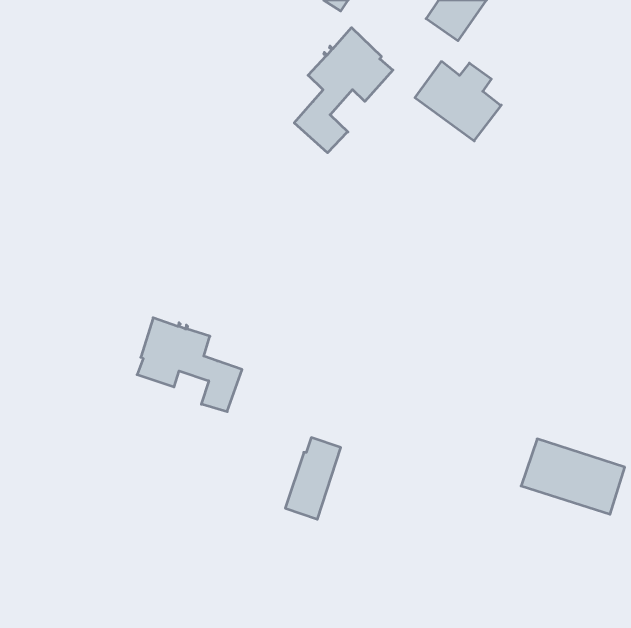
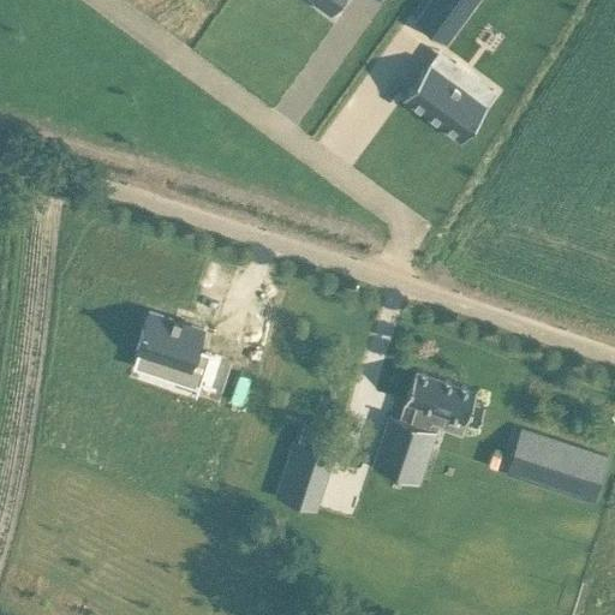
building: [294,28,393,153] -> none
building: none -> [372,370,485,485]

